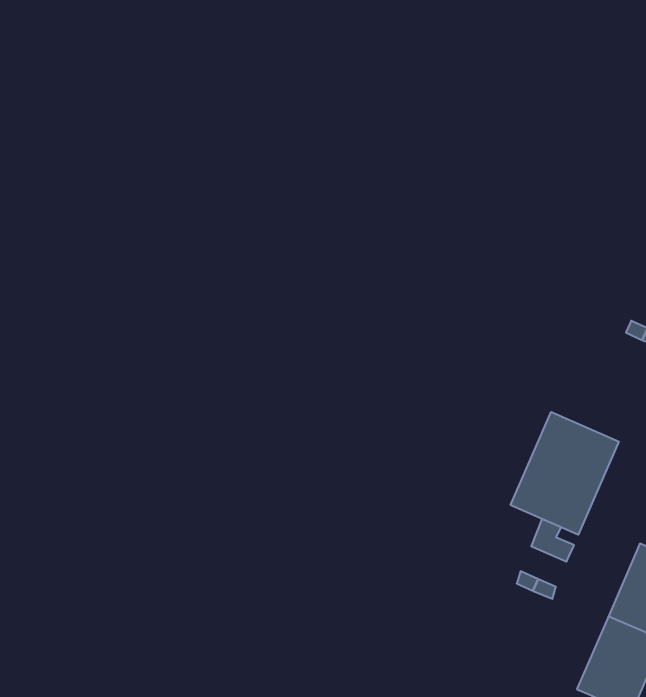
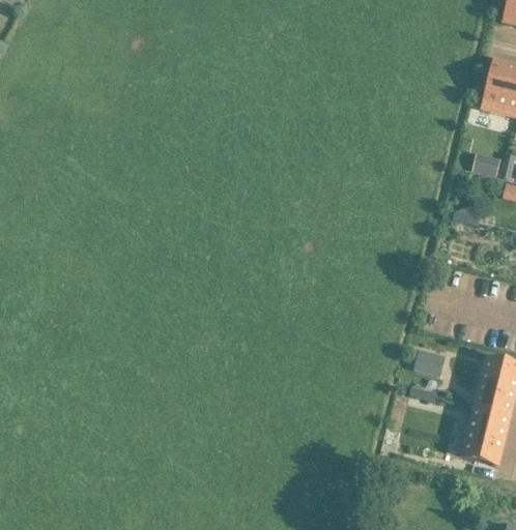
building: [511,412,619,535] -> none

